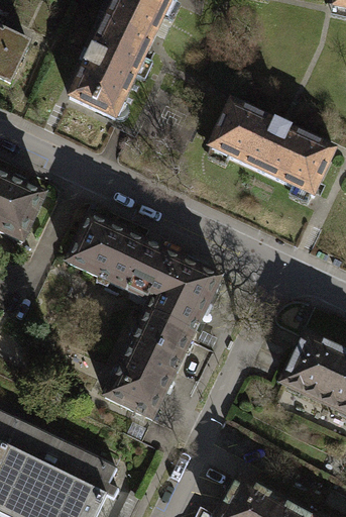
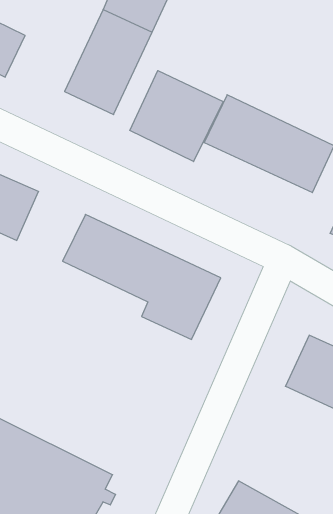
building: none -> [130,71,223,162]
building: [105,315,192,418] -> none

